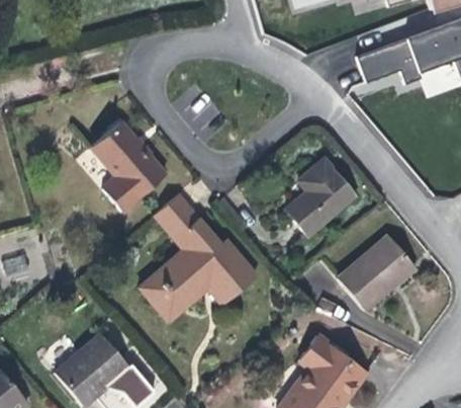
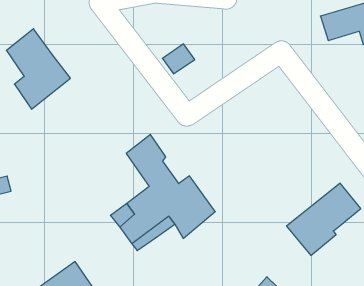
building: [92,124,164,212] -> [6,29,70,109]
building: [286,157,355,237] -> none

